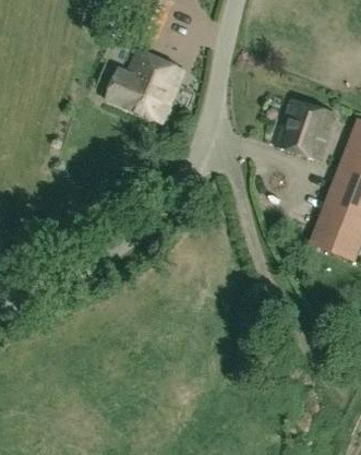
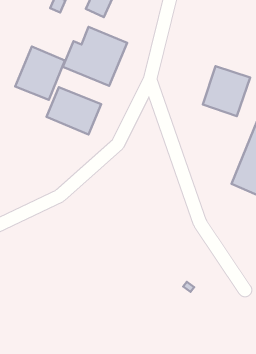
building: none -> [15,46,65,100]
building: none -> [47,87,101,134]

